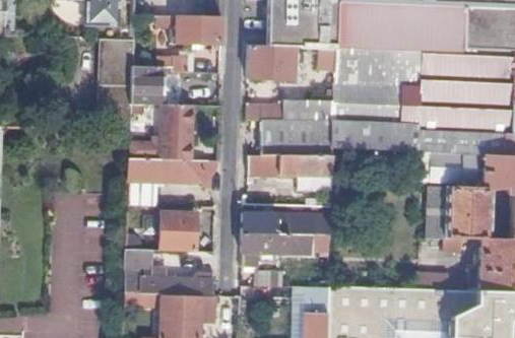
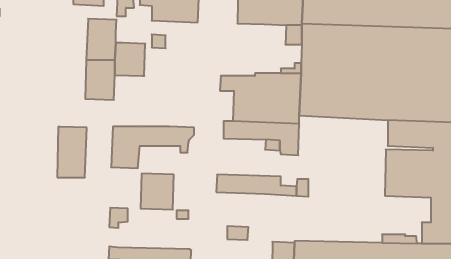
building: [248,46,296,80] -> none
building: [160,104,193,159] -> [57,127,87,177]
building: [242,231,297,264] -> none
building: [134,270,213,294] -> none

